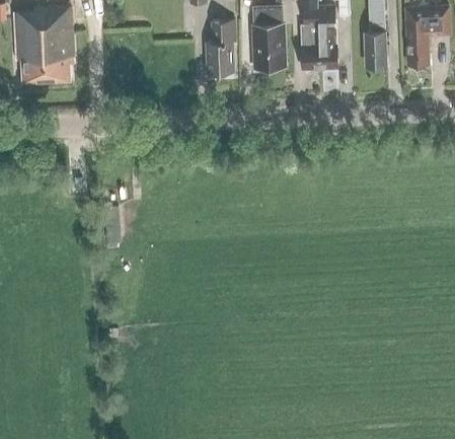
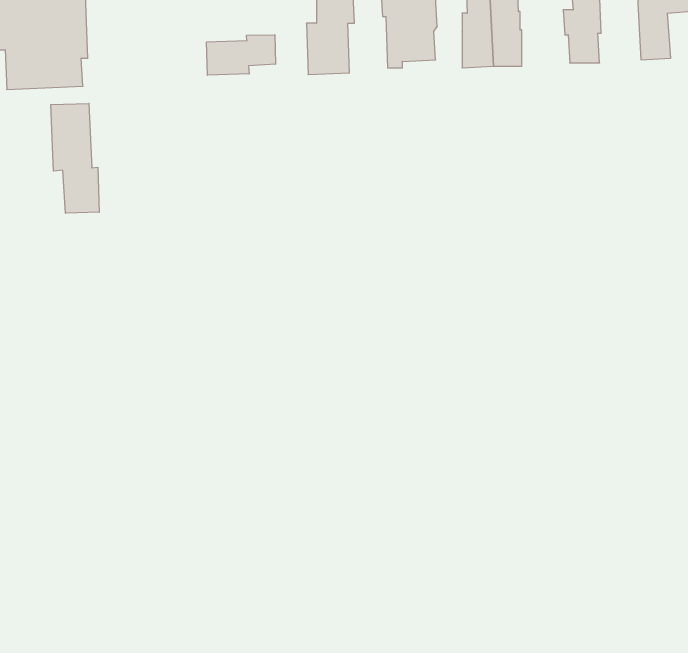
building: none -> [207,35,275,75]
building: none -> [51,103,99,213]

